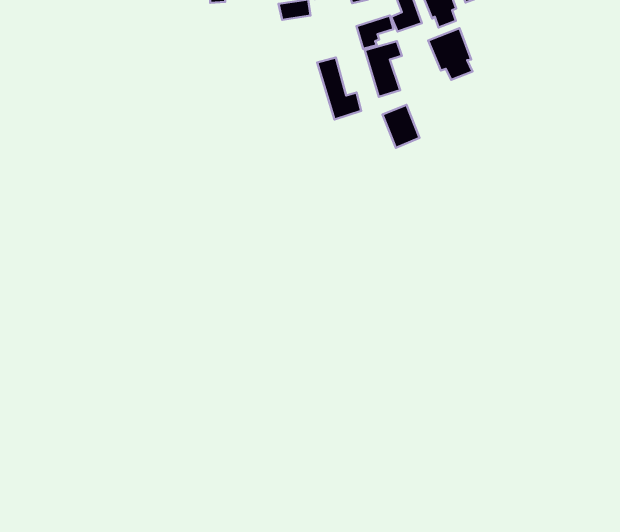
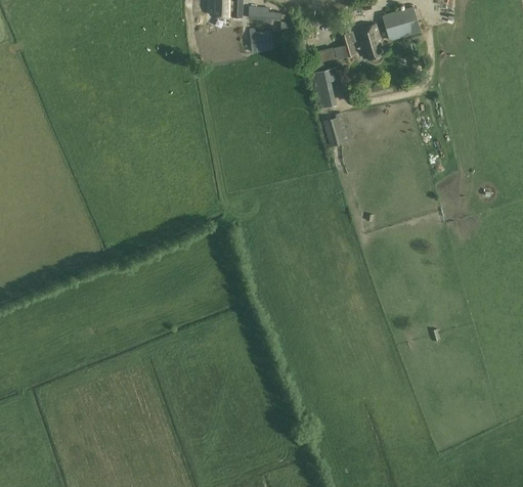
building: [428,28,473,80] -> none
building: [317,58,361,120] -> none

